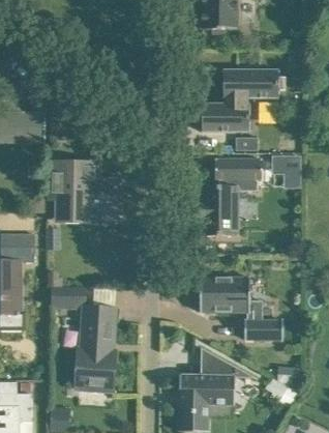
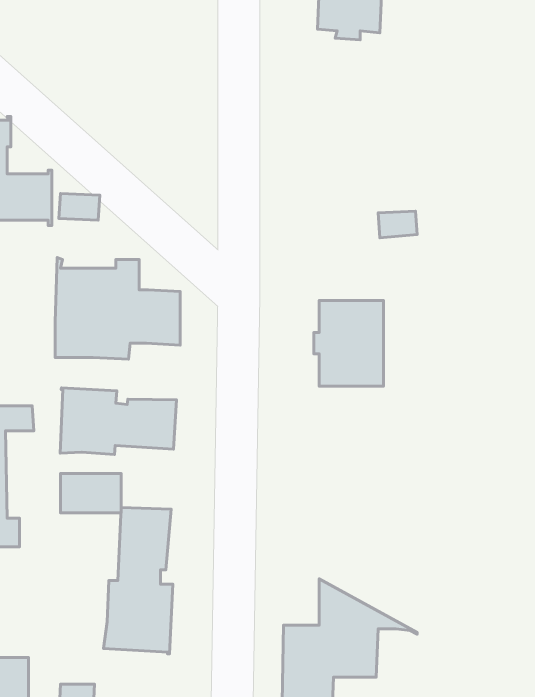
building: [201,69,279,131] -> none
building: [216,158,300,192] -> none
building: none -> [60,388,176,454]
building: [200,277,282,339] -> none

